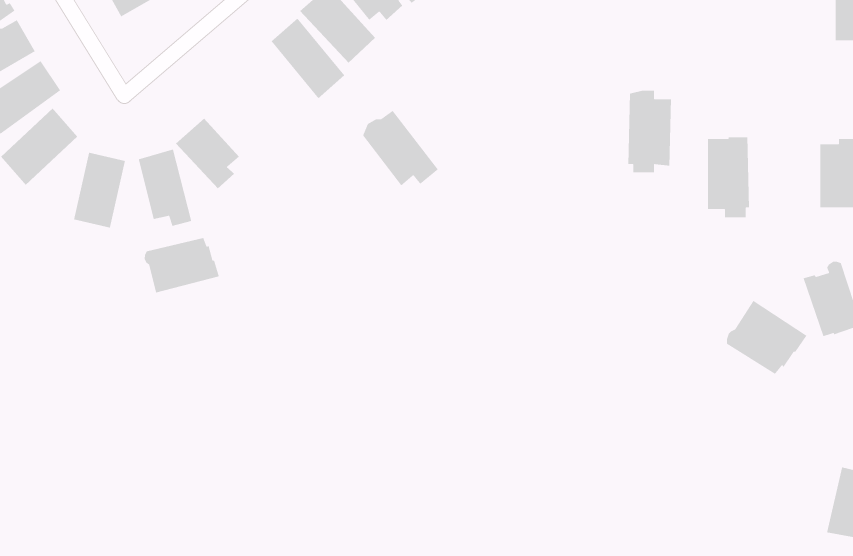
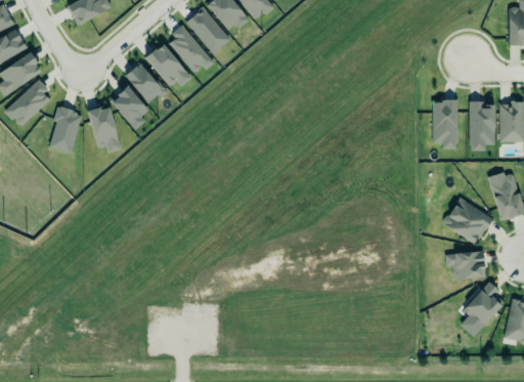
building: none -> [126,62,165,104]
building: [628,90,672,173] -> [468,98,494,148]
building: [362,110,439,186] -> [145,41,191,87]
building: [144,237,220,293] -> none
building: none -> [445,251,486,280]
building: none -> [458,281,499,336]

